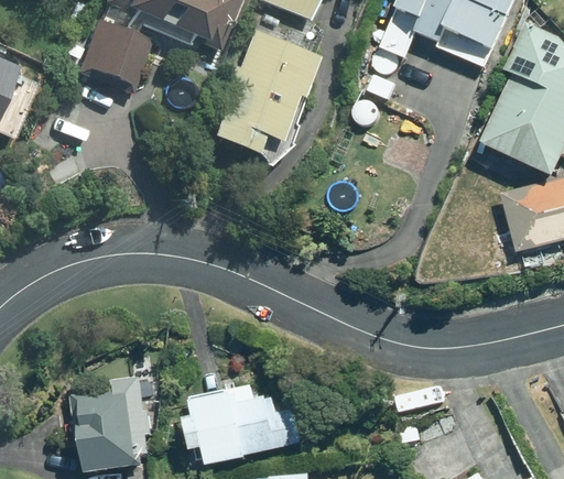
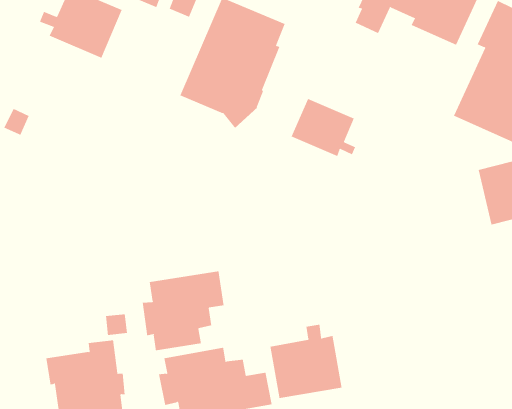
building: none -> [291,98,356,157]
building: none -> [142,270,224,351]
building: none -> [270,324,342,399]

